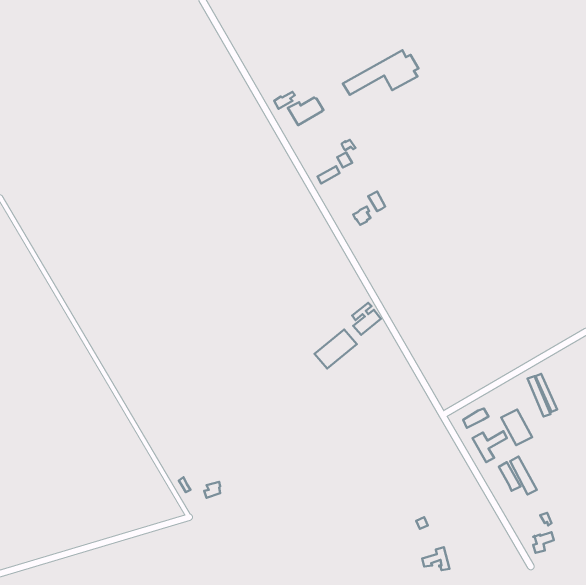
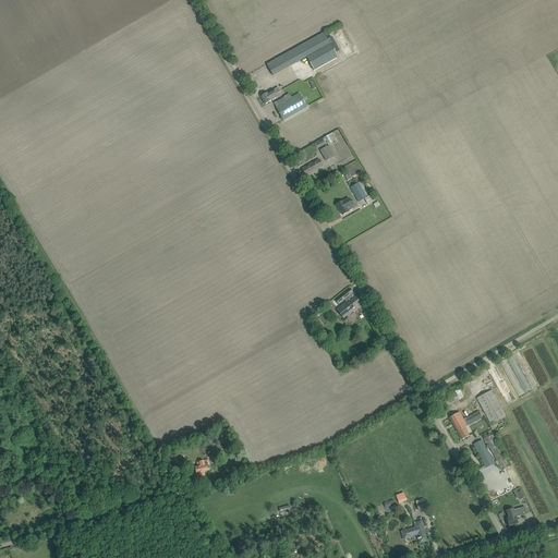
building: [343,50,419,95] -> [267,32,339,74]
building: [314,330,357,368] -> none

